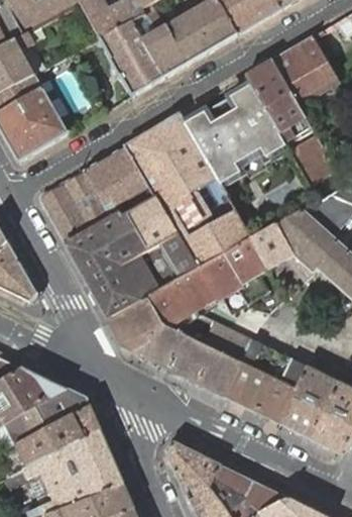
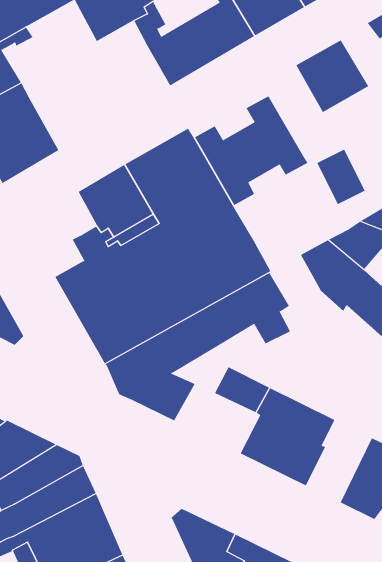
building: [97,20,164,95] -> none
building: [244,59,313,143] -> none
building: [40,169,101,242] -> none
building: [251,223,295,268] -> none
building: [168,335,242,396] -> none
building: [282,367,339,438] -> none

